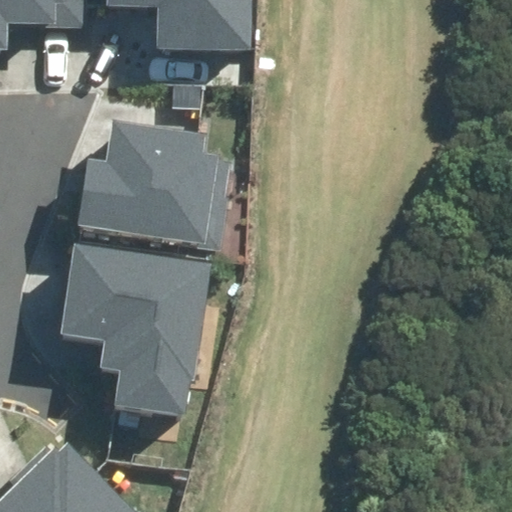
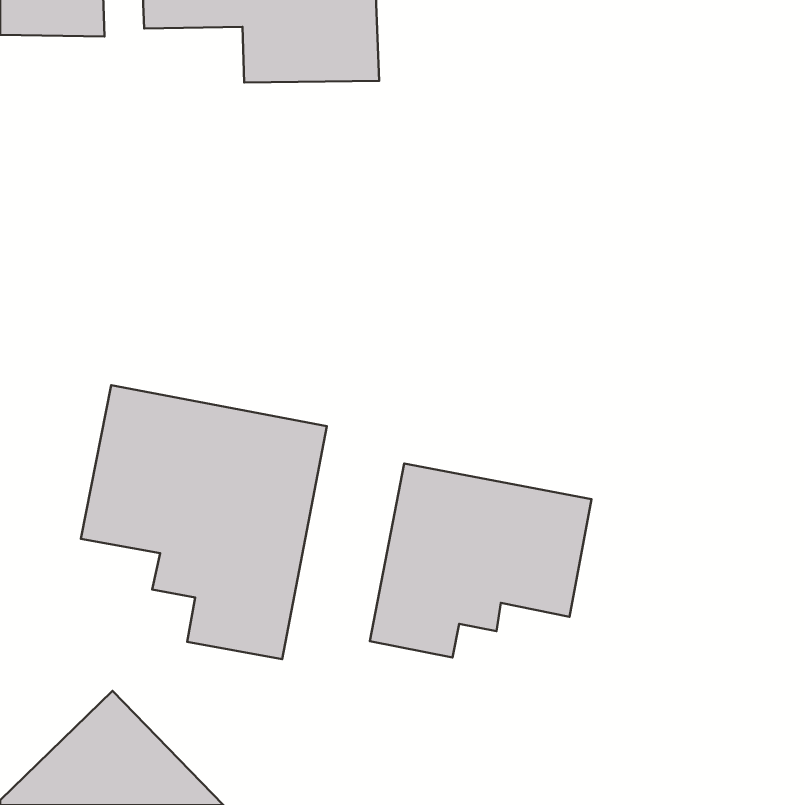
building: [75,122,229,249] -> none
building: none -> [370,463,591,658]

